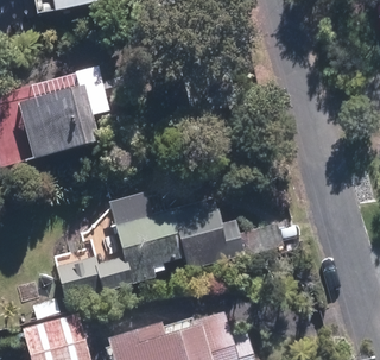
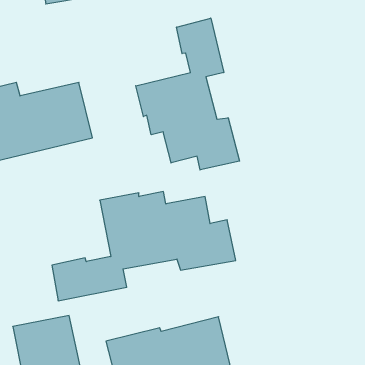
building: none -> [136,18,240,170]

